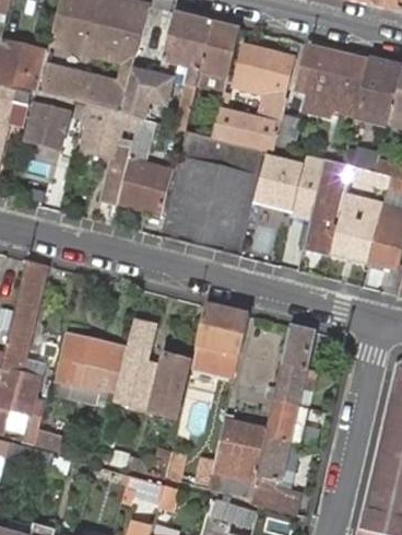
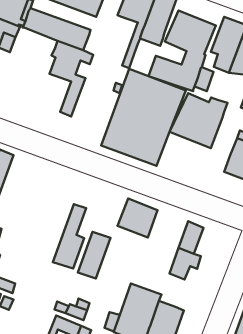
building: [123,69,175,118] -> none
building: [29,91,87,147] -> none
building: [120,137,173,211] -> none
building: [306,173,343,252] -> none
building: [58,332,127,393] -> none
building: [193,341,240,373] -> none
building: [265,397,309,444] -> none

